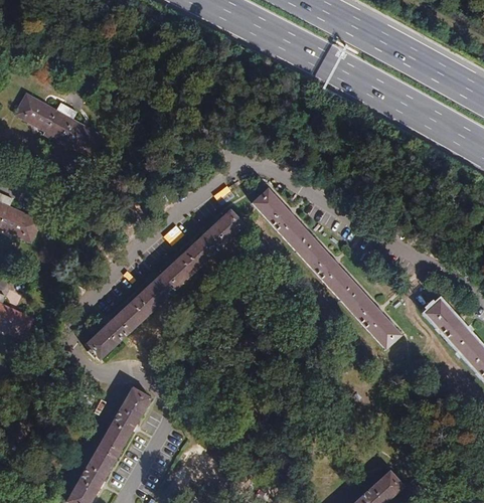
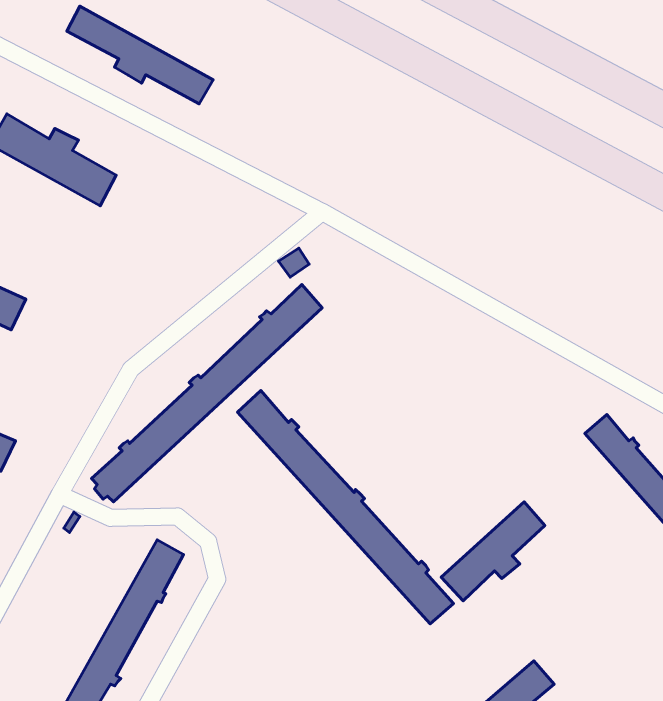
building: none -> [67,6,213,104]
building: [253,188,401,349] -> [237,390,453,624]
building: none -> [441,502,545,601]

